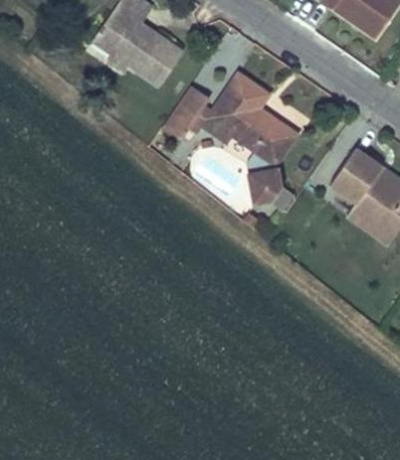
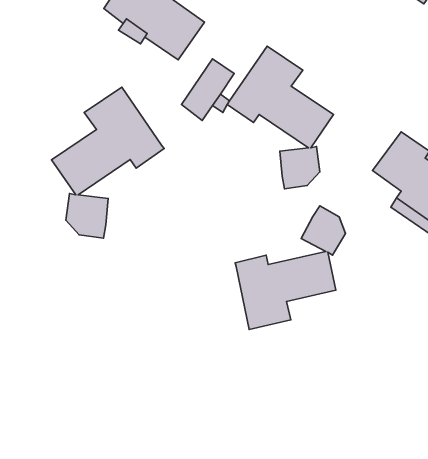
building: none -> [52,87,164,238]
building: none -> [235,206,345,329]

